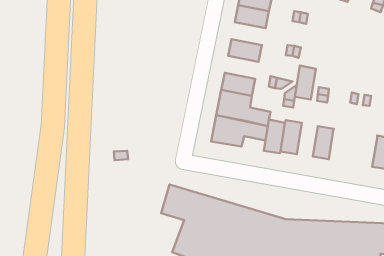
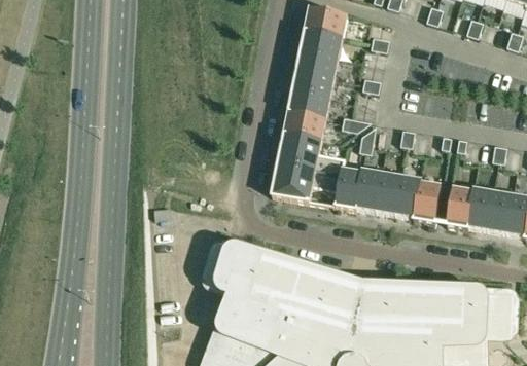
building: none -> [296,48,338,76]
building: none -> [288,89,329,117]
building: [295,66,316,99] -> [376,171,401,212]
building: none -> [414,180,441,221]
building: none -> [447,185,473,226]

